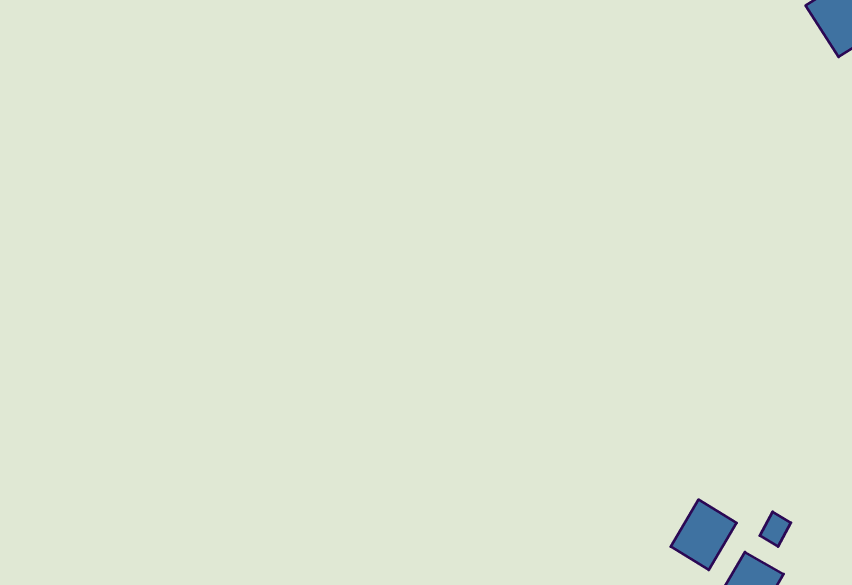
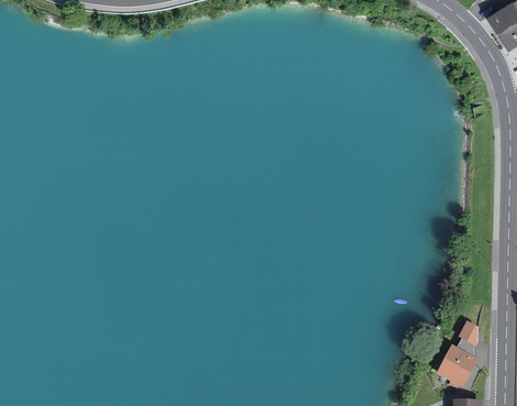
building: [671,500,737,570] -> none

